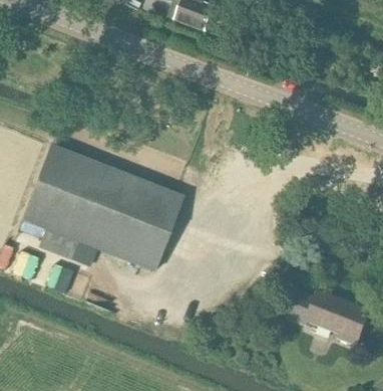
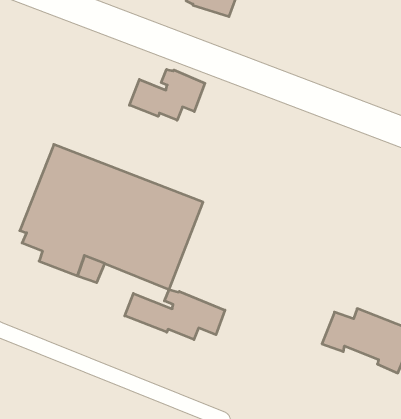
building: none -> [129,69,205,120]
building: none -> [125,289,225,340]

